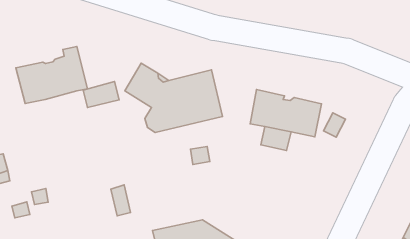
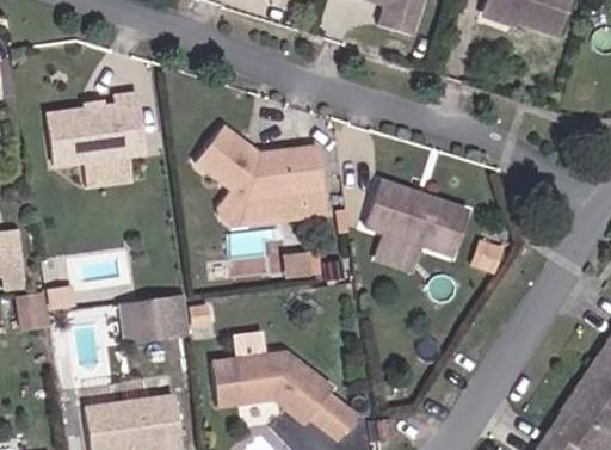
building: [83,81,119,108] -> [85,156,134,189]
building: none -> [124,298,167,341]

